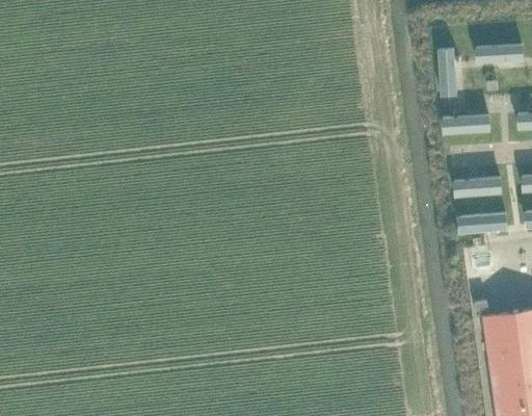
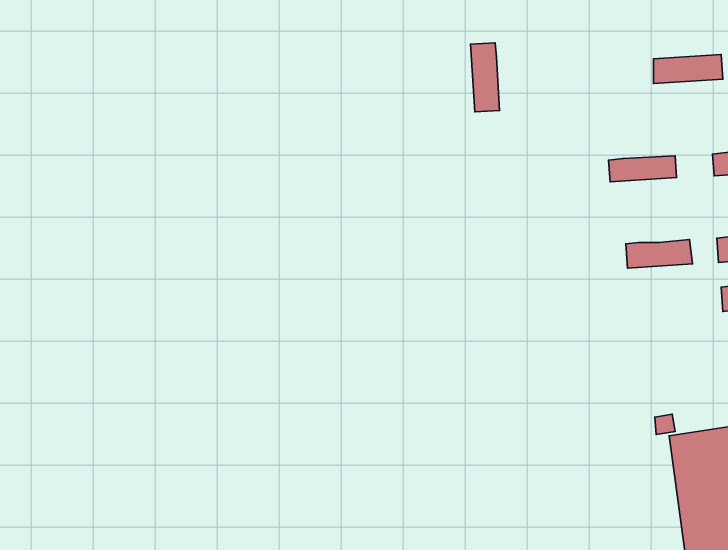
building: [436,47,457,97] -> [470,43,499,112]
building: [460,211,508,232] -> none

